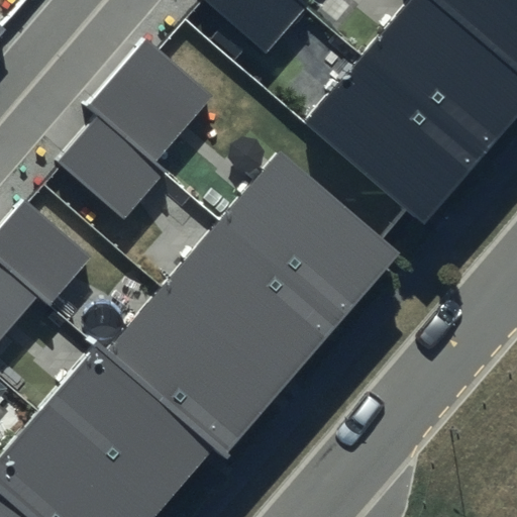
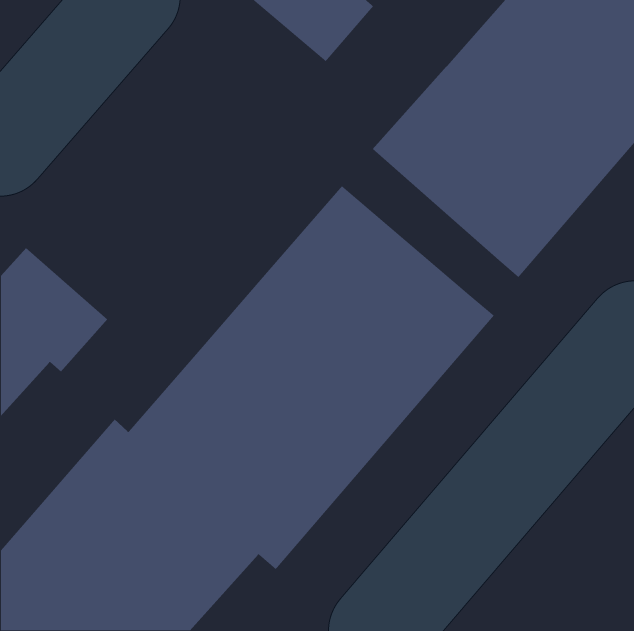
building: [58,40,212,219] -> none

